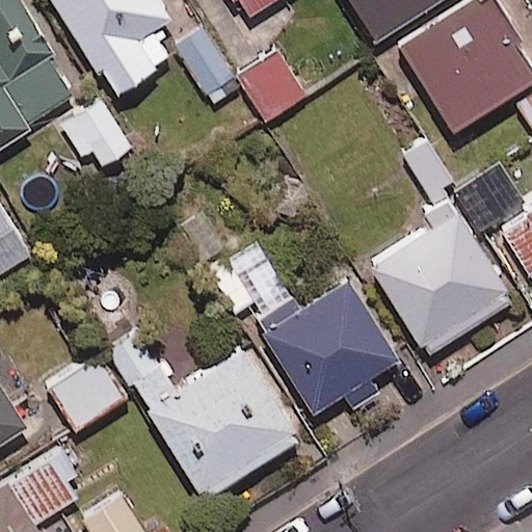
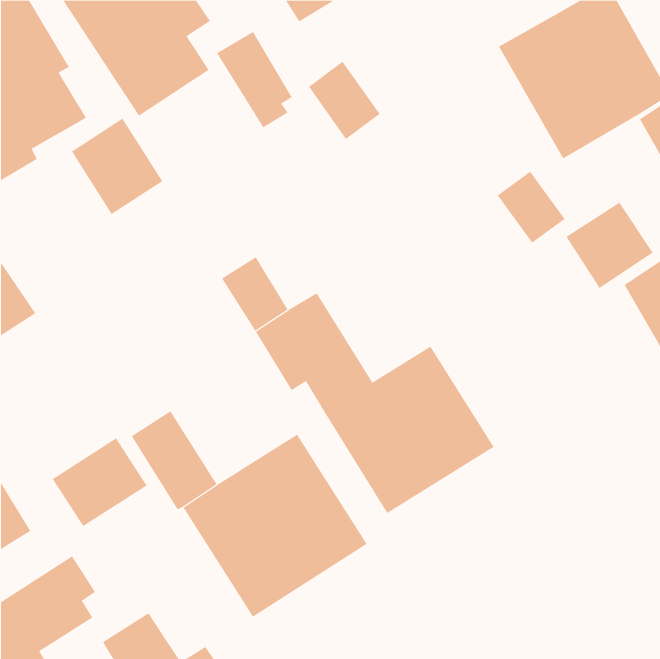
building: [369,202,511,355] -> none

